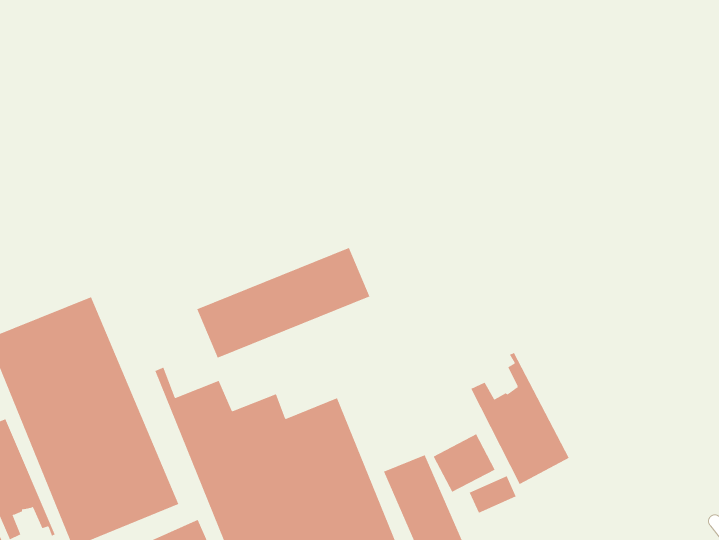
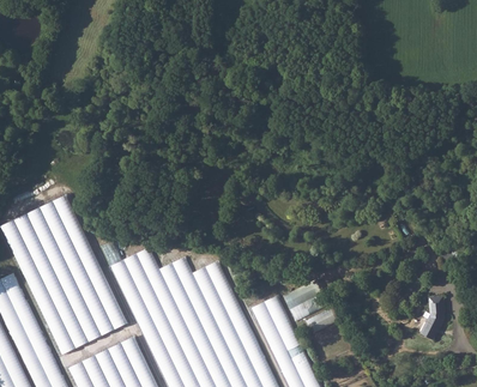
building: [196,247,370,359] -> none
building: [470,352,569,485] -> none
building: none -> [417,300,443,337]

